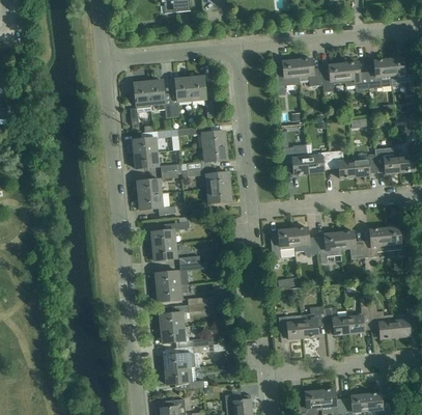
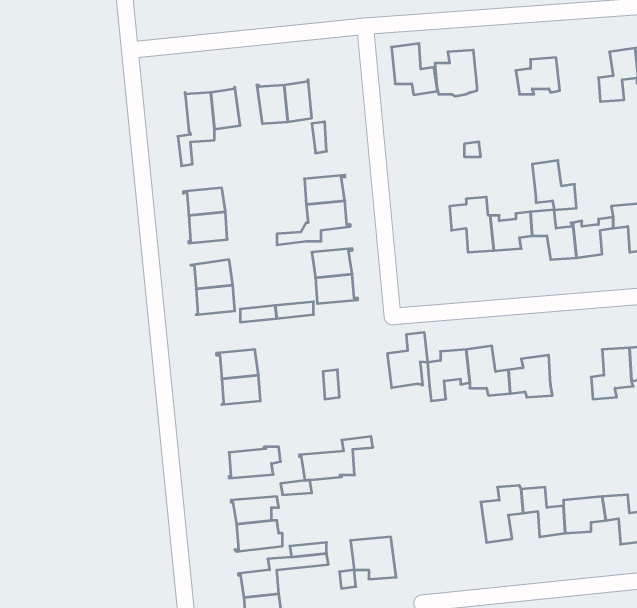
building: [297,57,322,86] -> [391,43,437,95]
building: [343,61,368,89] -> [532,160,576,210]
building: none -> [388,332,428,388]
building: [339,230,364,258] -> none
building: [156,261,197,286] -> [299,436,373,480]
building: [278,314,304,338] -> [350,537,396,579]

